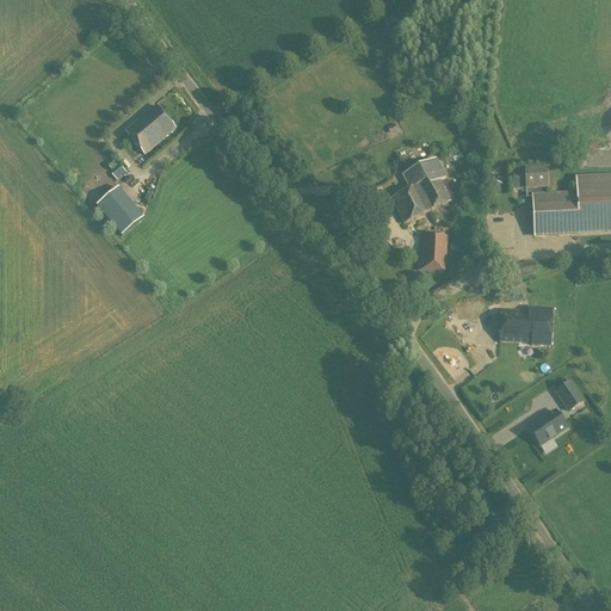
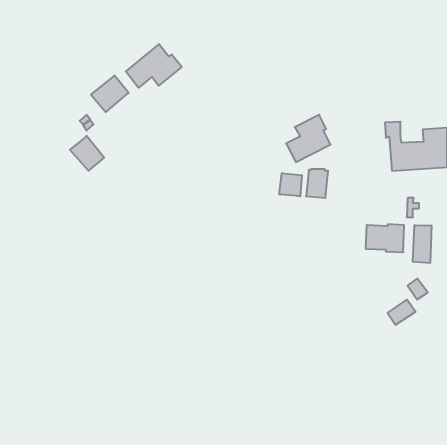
building: none -> [126,44,182,88]
building: none -> [279,173,302,196]
building: none -> [413,225,431,263]

